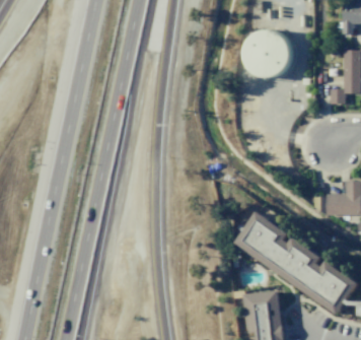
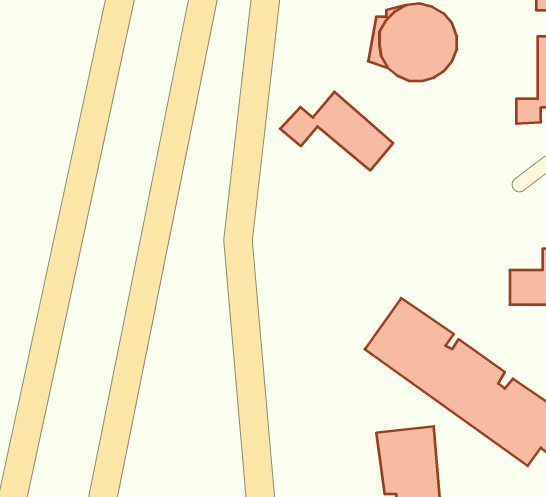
building: none -> [280,92,393,170]

